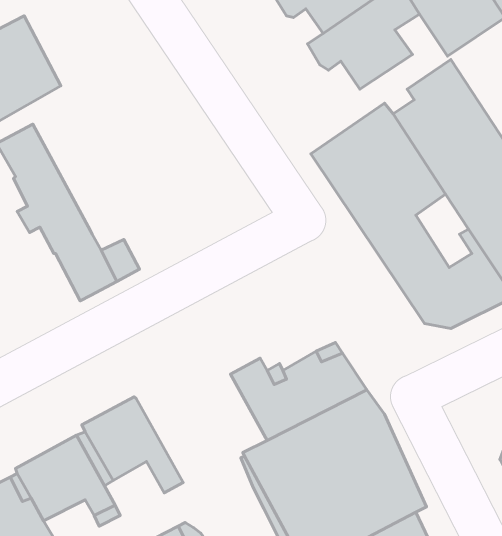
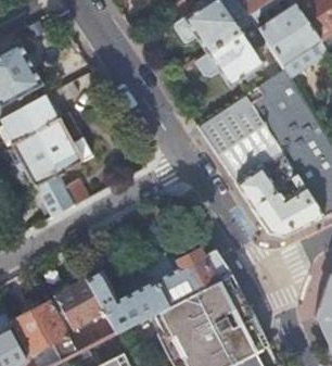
building: none -> [24,83,93,177]
building: none -> [88,264,169,331]

